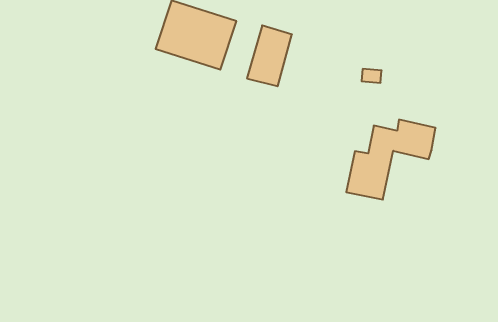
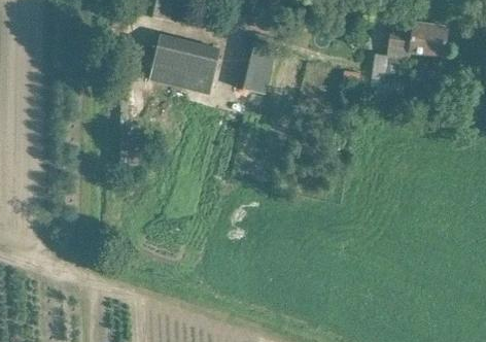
building: [346,120,436,200] -> [370,21,447,95]

